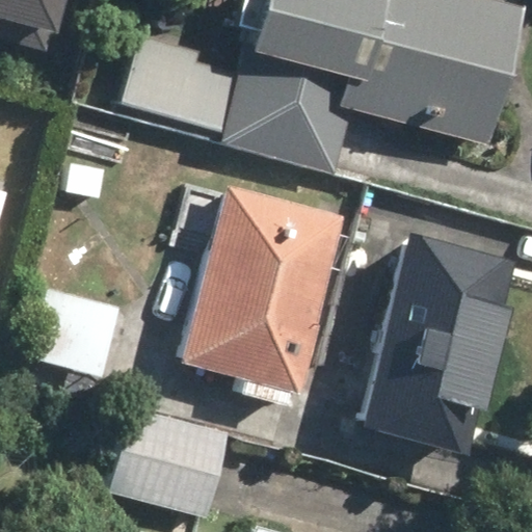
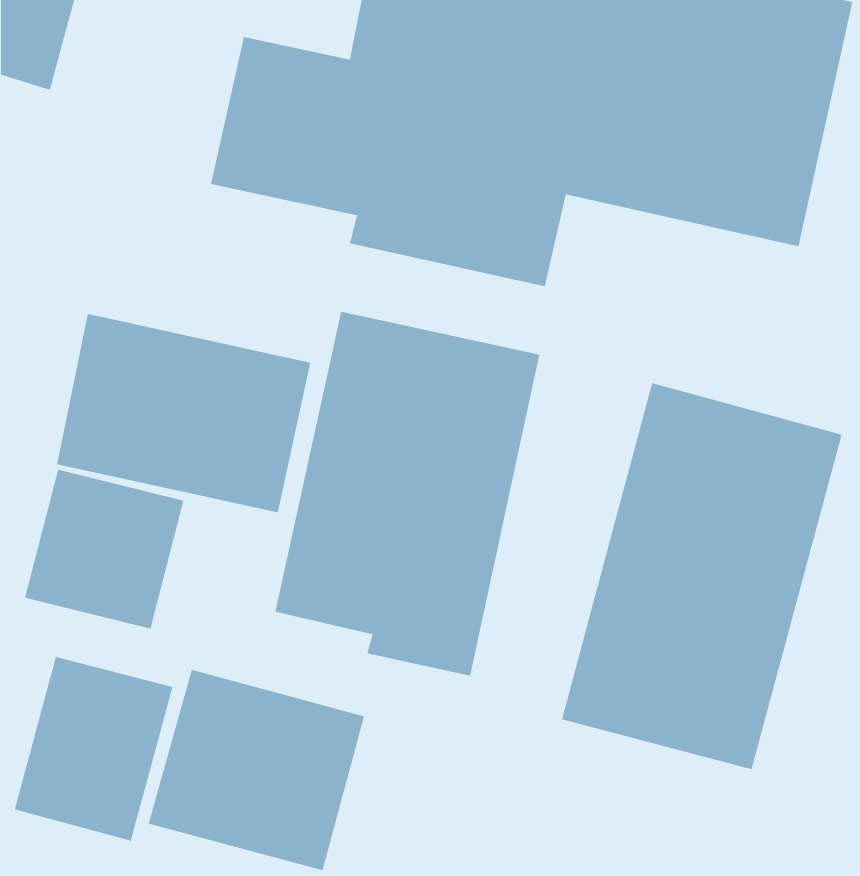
building: none -> [57,313,311,513]
building: none -> [14,656,173,841]

